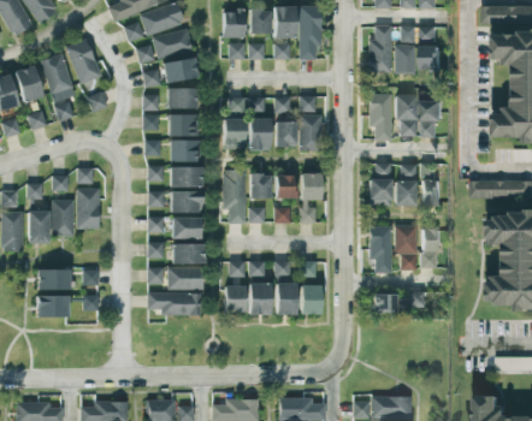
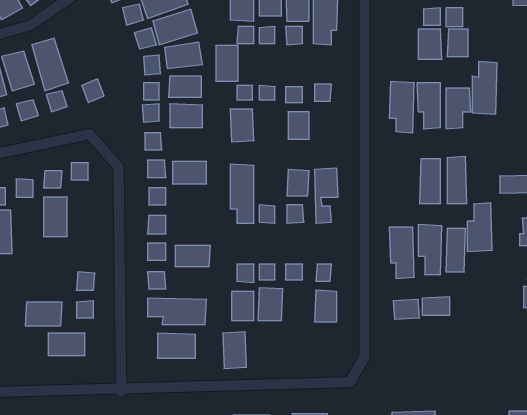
building: [370,25,392,73] -> [472,62,497,114]
building: [69,40,100,84] -> none
building: [300,115,323,150] -> none
building: [250,118,271,150] -> [216,46,238,81]
building: [172,140,201,162] -> none
building: [370,162,392,207] -> [467,203,492,251]
building: [250,174,272,198] -> none
building: [77,189,100,229] -> none
building: [172,191,203,212] -> none
building: [29,210,49,243] -> none
building: [173,218,202,239] -> none
building: [169,267,203,290] -> [157,333,195,358]
building: [37,269,71,290] -> [48,333,85,355]
building: [276,283,297,316] -> [223,332,246,369]

